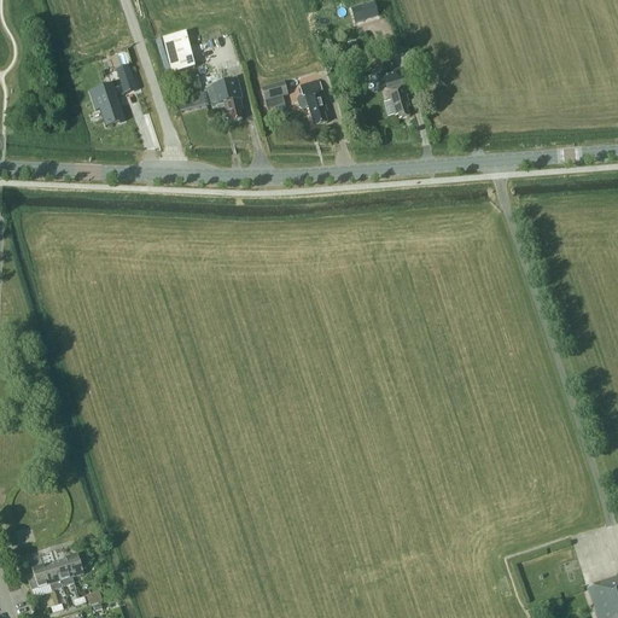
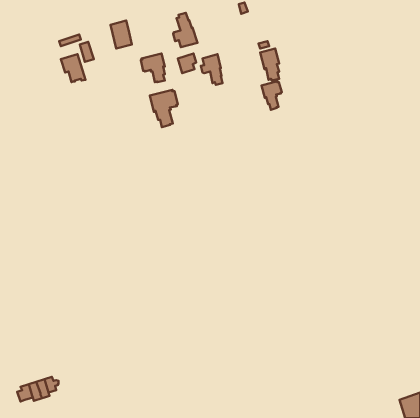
building: none -> [173,13,197,47]
building: none -> [261,81,282,110]
building: none -> [150,90,178,127]

